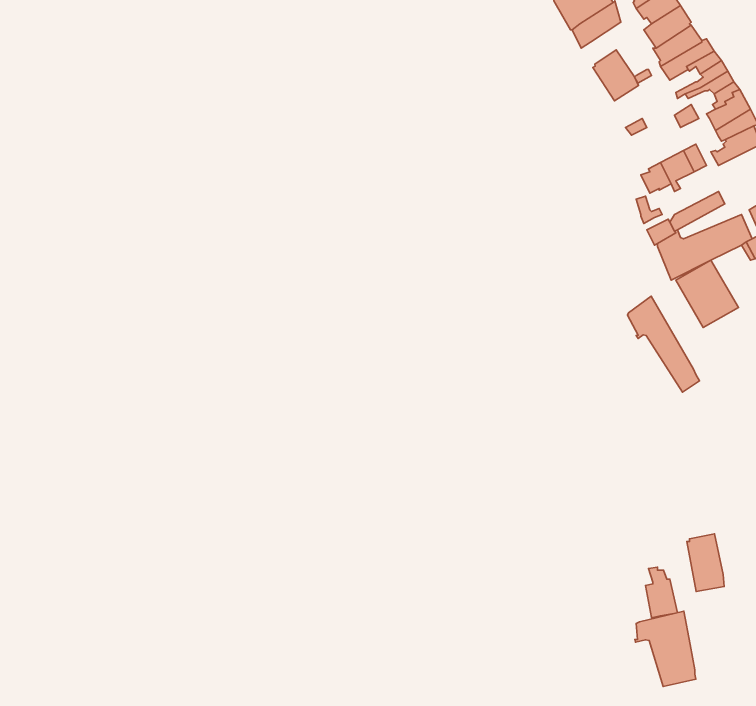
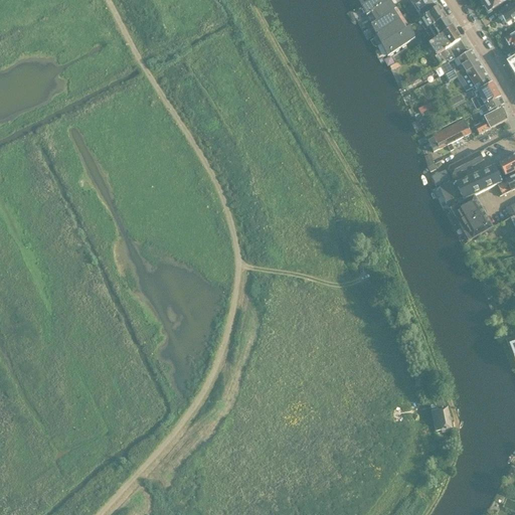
building: [593,50,639,101] -> none
building: [628,296,700,392] -> none
building: [687,534,724,591] -> none
building: [635,611,696,687] -> none

